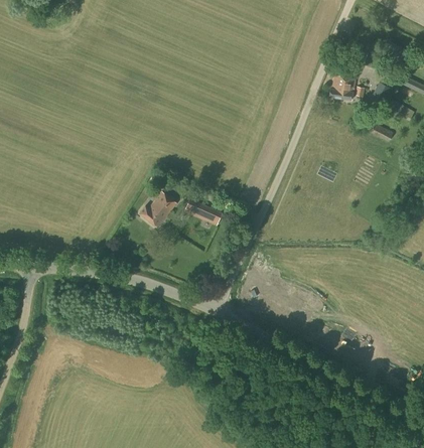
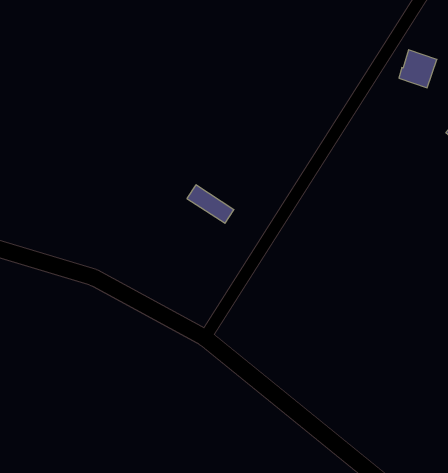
building: [140,191,176,226] -> none

